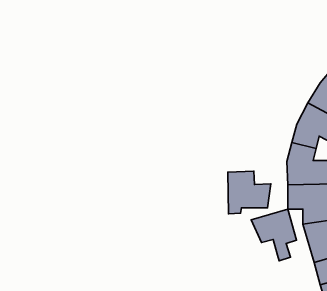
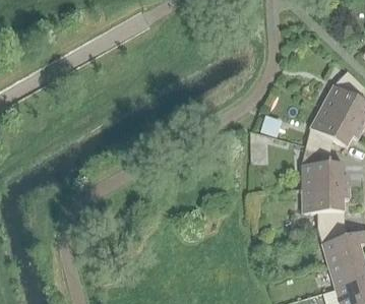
building: [228,171,271,214] -> none
building: [251,209,297,261] -> none

